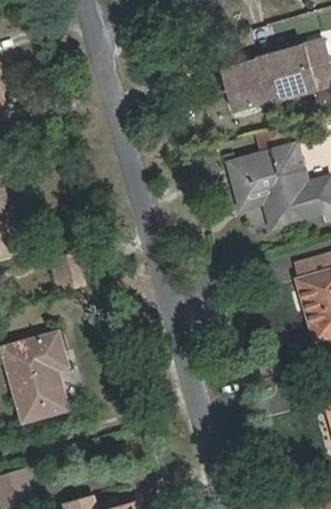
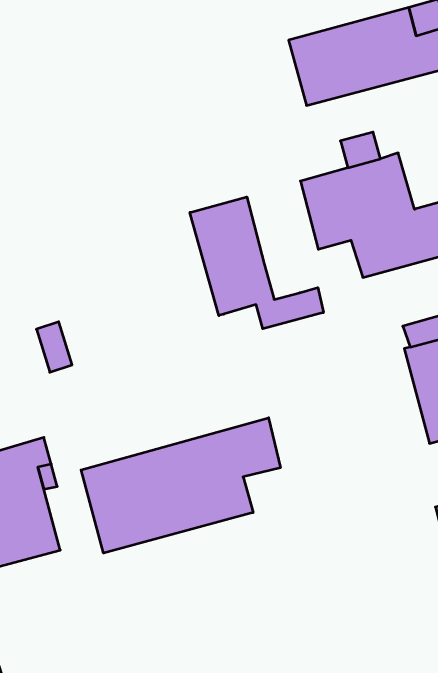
building: none -> [190,197,323,329]
building: none -> [81,418,280,553]

